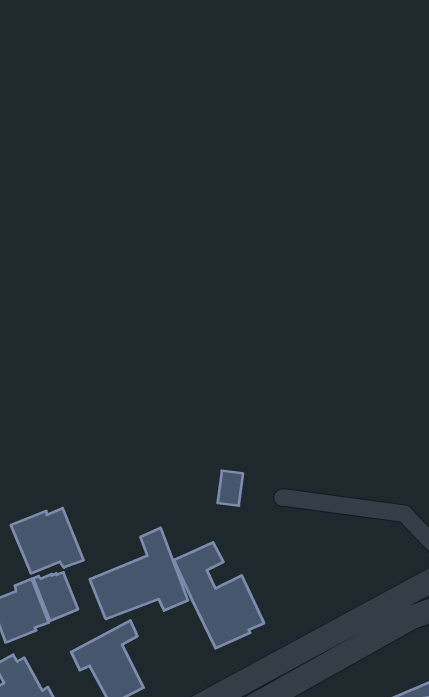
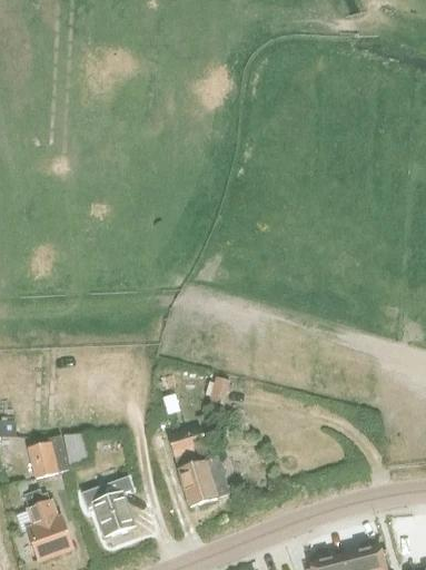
building: [11,508,83,573] -> none
building: [90,528,188,619] -> none

